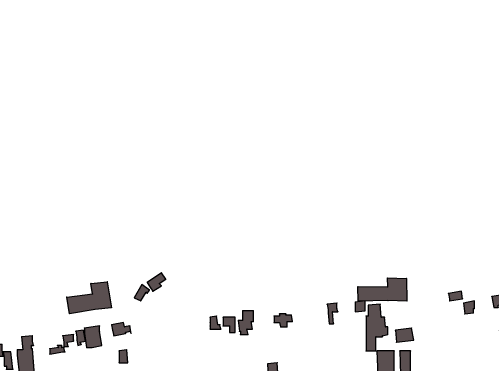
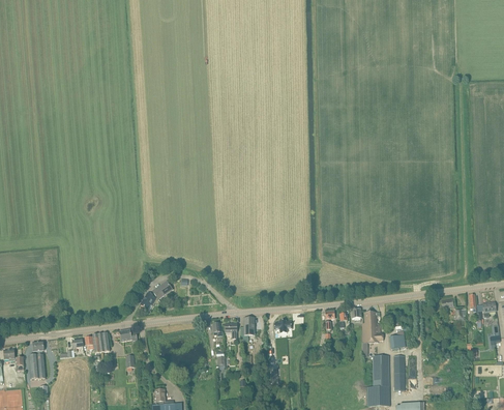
building: [358,278,407,301] -> none
building: [67,282,111,314] -> none

